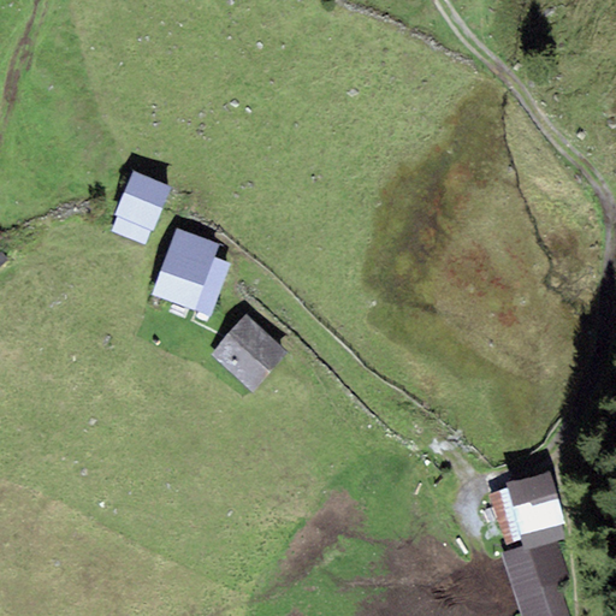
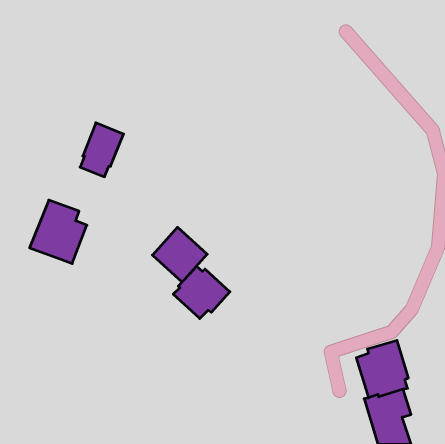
building: [150,227,230,315] -> [30,200,87,264]
building: none -> [173,266,230,319]

